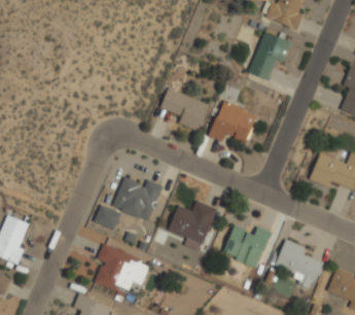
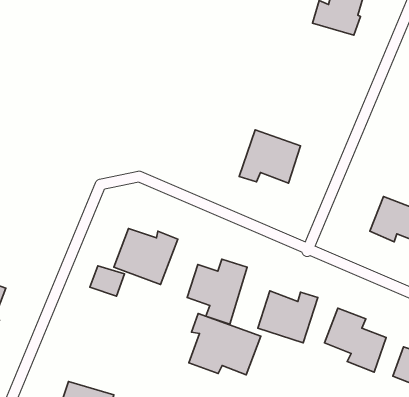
building: [248,31,291,80] -> none
building: [159,88,209,131] -> none
building: [95,245,150,292] -> [189,313,261,375]

